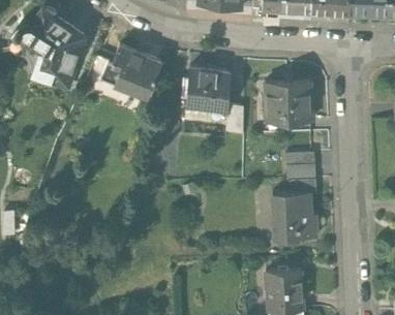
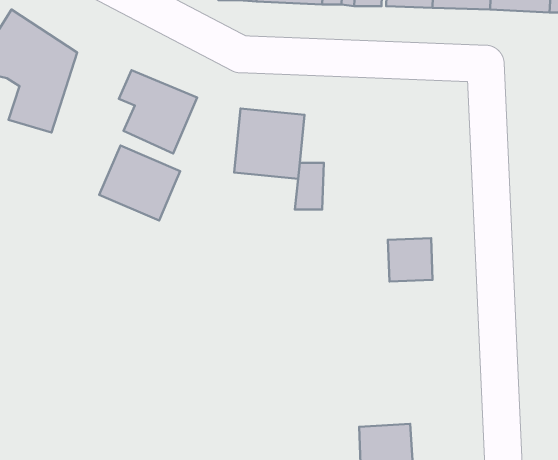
building: [264,81,310,124] -> none
building: none -> [99,146,180,220]
building: [273,193,317,242] -> none

